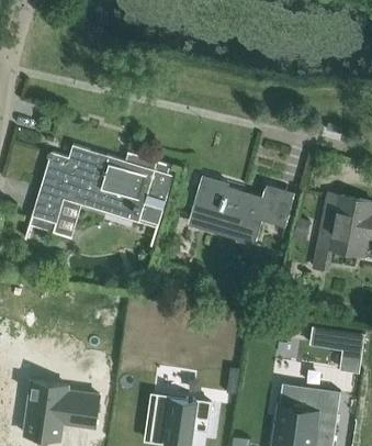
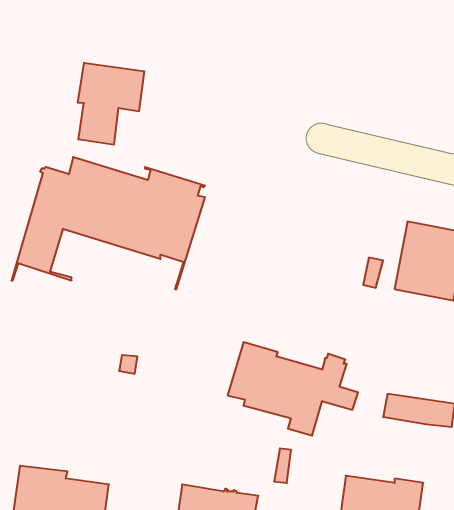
building: none -> [78,63,144,145]
building: [190,176,290,247] -> [228,342,358,436]

